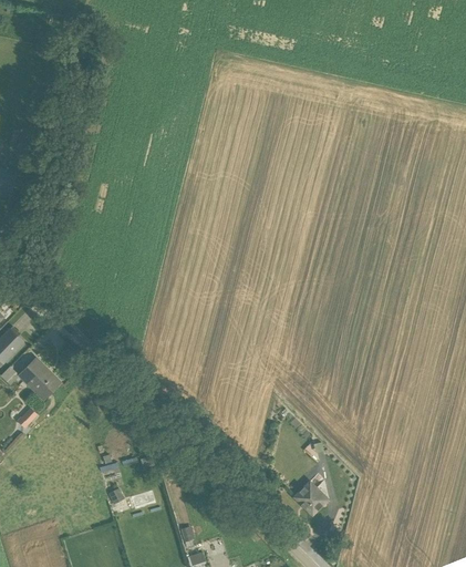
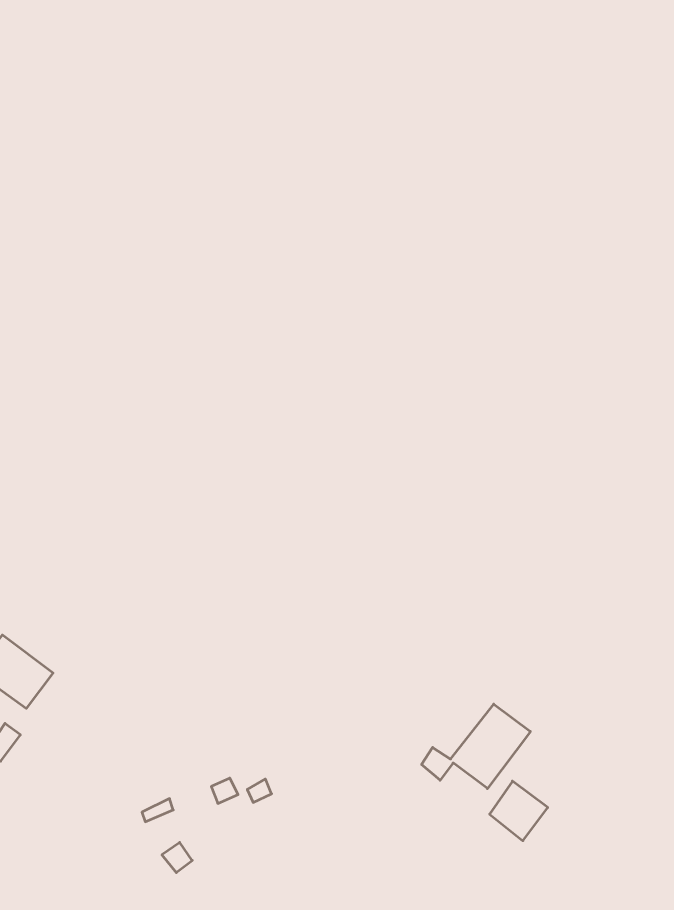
building: none -> [422,704,530,789]

